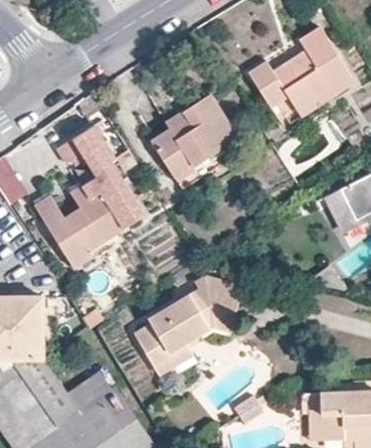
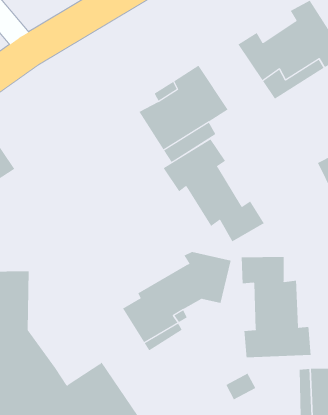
building: [35,127,143,267] -> none
building: none -> [163,138,264,242]
building: none -> [241,256,311,358]
building: [68,369,112,409] -> none

